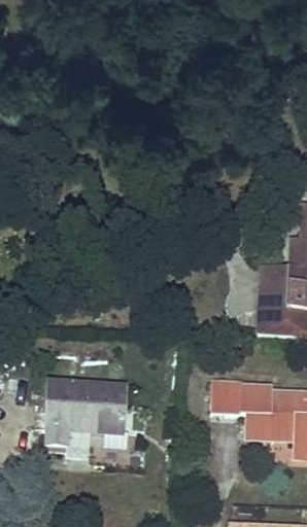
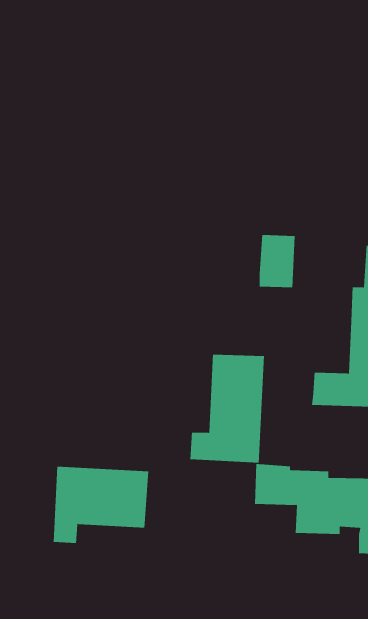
building: [259,264,288,307] -> [259,235,296,288]
building: none -> [190,354,264,464]

